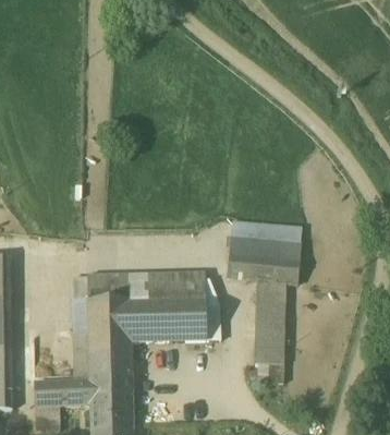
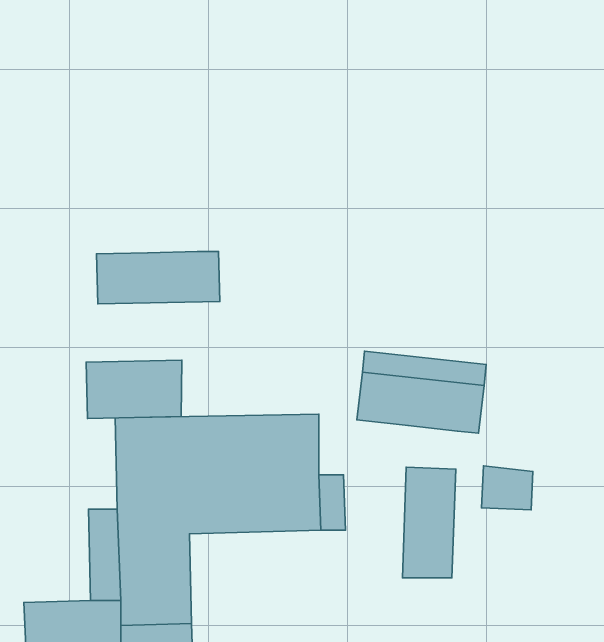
building: none -> [96,252,220,304]
building: none -> [86,360,182,418]
building: [255,274,284,299] -> [482,466,533,510]

